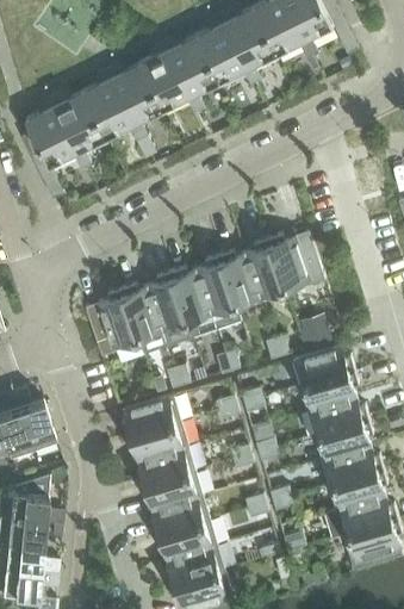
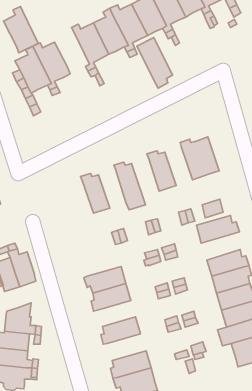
building: [82,69,133,137] -> [3,7,38,53]
building: none -> [137,38,173,88]
building: [244,238,285,302] -> none
building: [195,255,240,330] -> none
building: [147,272,187,335] -> none
building: [83,288,139,355] -> none
building: [298,369,358,411] -> none
building: [120,396,180,437] -> none
building: [139,471,201,509] -> none
building: [154,520,217,559] -> none

